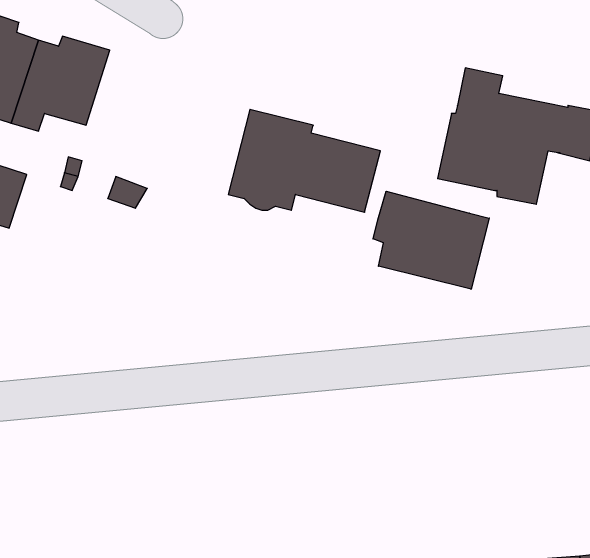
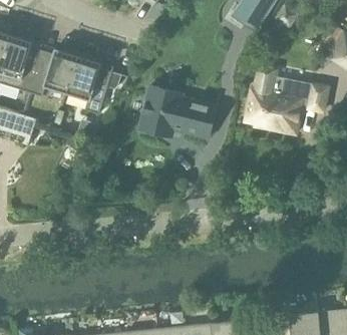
building: none -> [67,54,121,112]
building: [373,191,489,289] -> none

